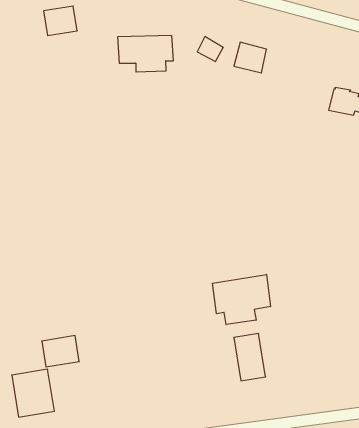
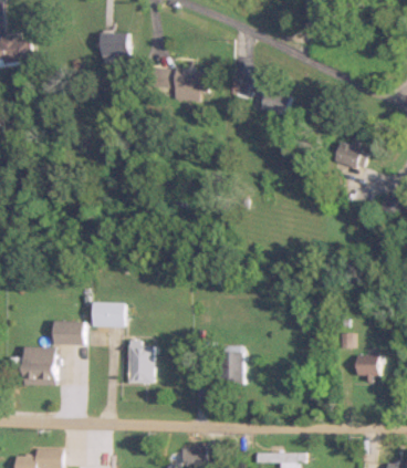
building: [213,274,271,325] -> none
building: none -> [91,301,122,326]
building: none -> [127,342,152,383]

